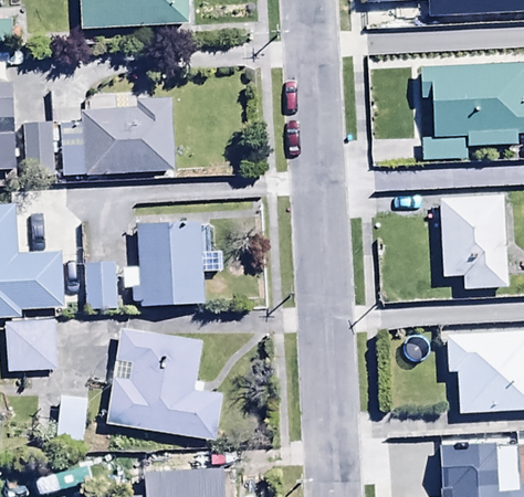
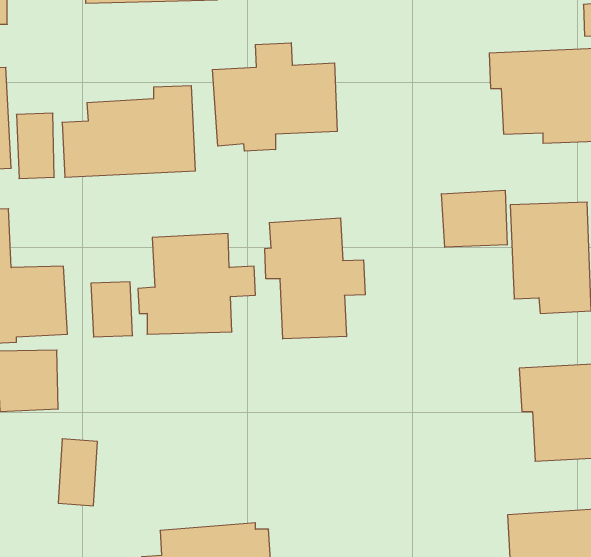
building: none -> [212,43,337,151]
building: none -> [441,190,507,247]
building: none -> [265,218,365,339]
building: [106,327,223,440] -> none

